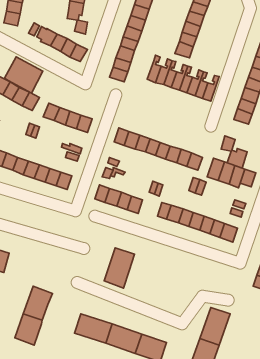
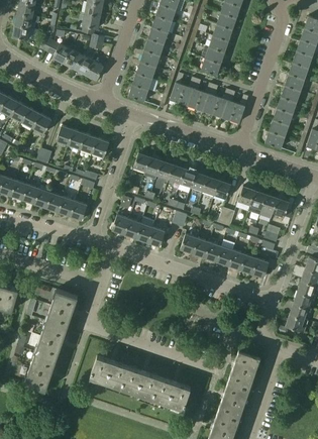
building: [4,57,43,93] -> none
building: [221,136,247,168] -> none
building: [104,248,135,288] -> [44,290,78,334]

